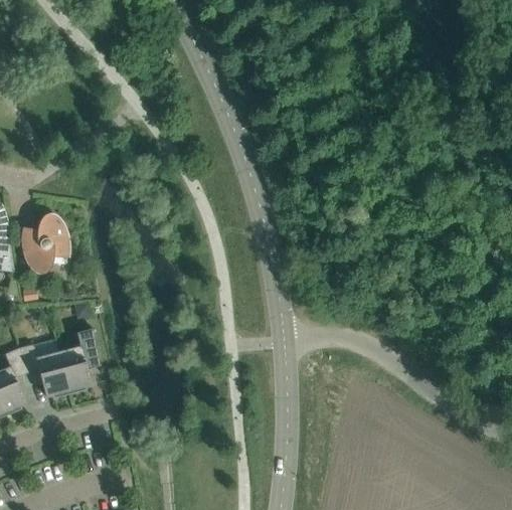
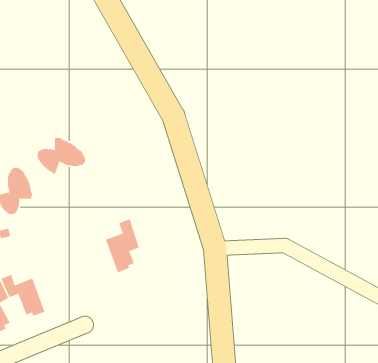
building: none -> [37,137,86,178]
building: [57,328,99,393] -> [105,218,140,274]

